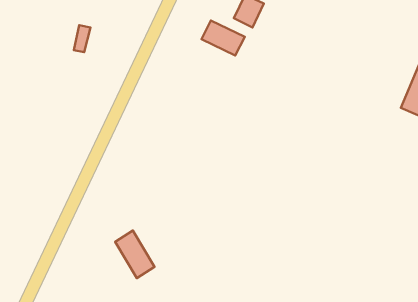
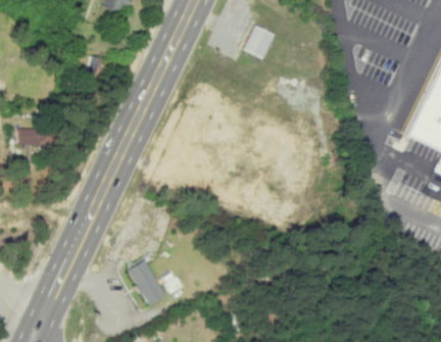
building: [201,21,245,55] -> none
building: none -> [17,128,52,145]

